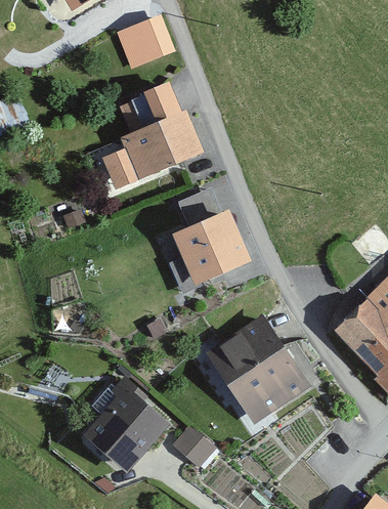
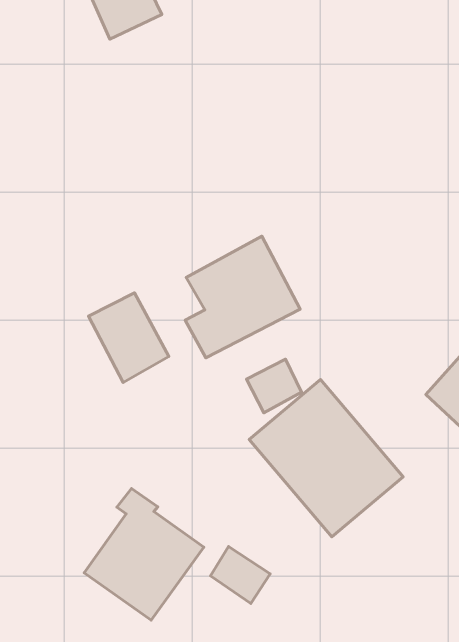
building: [102,85,202,187] -> none
building: none -> [89,293,169,383]
building: none -> [246,359,302,413]

